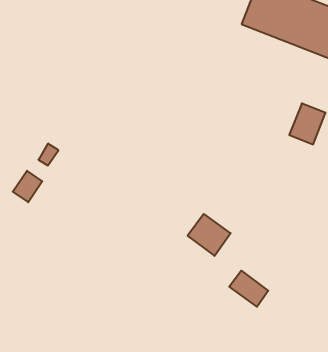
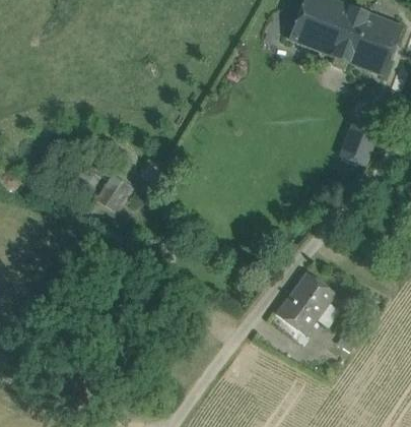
building: [13,171,42,202] -> [98,175,130,208]
building: [188,214,231,256] -> [289,276,335,320]

